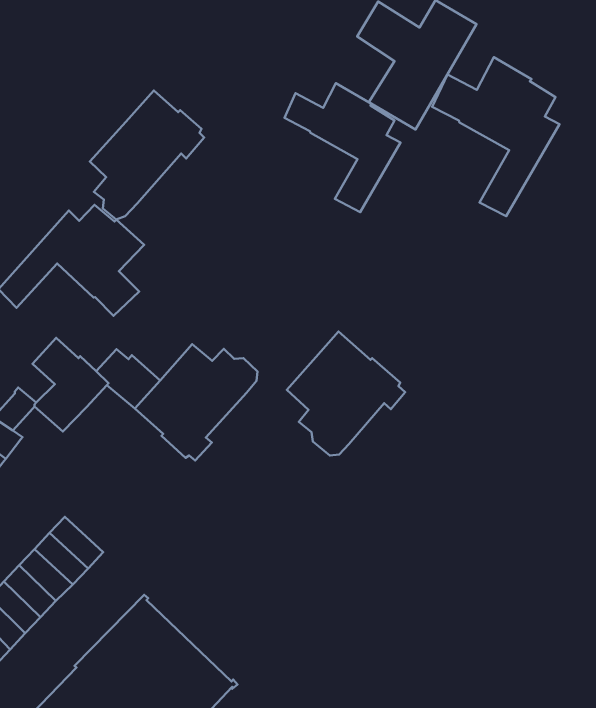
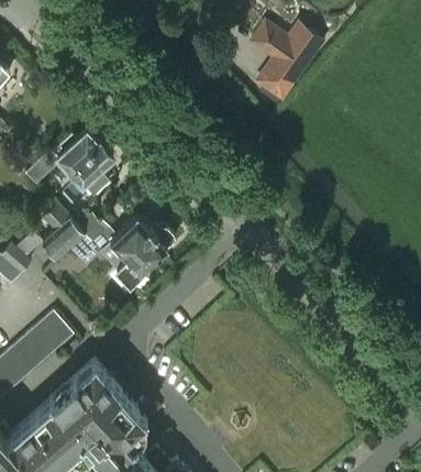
building: [432,57,559,216] -> none
building: [284,83,400,212] -> none
building: [90,91,204,219] -> none
building: [287,332,405,456] -> none

